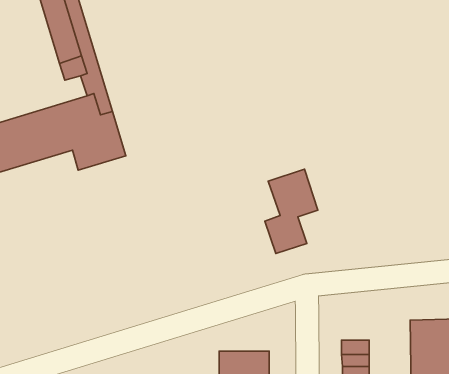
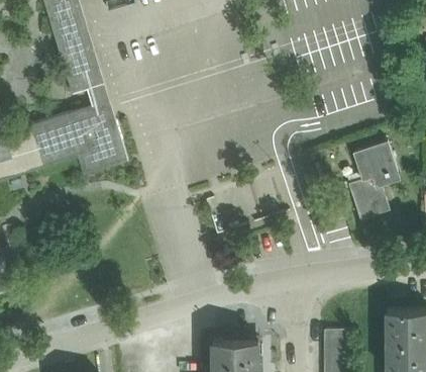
building: [265,169,318,253] -> [349,140,398,216]

